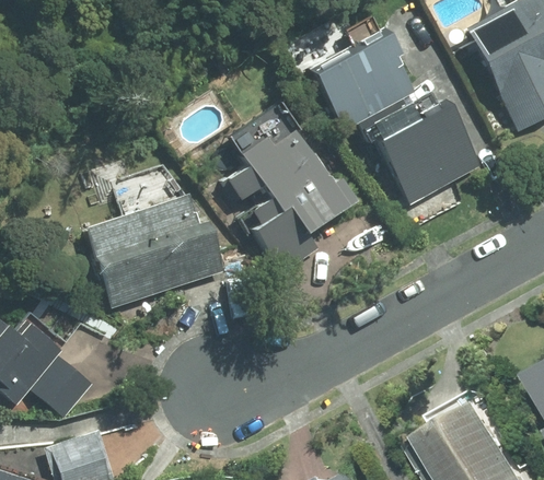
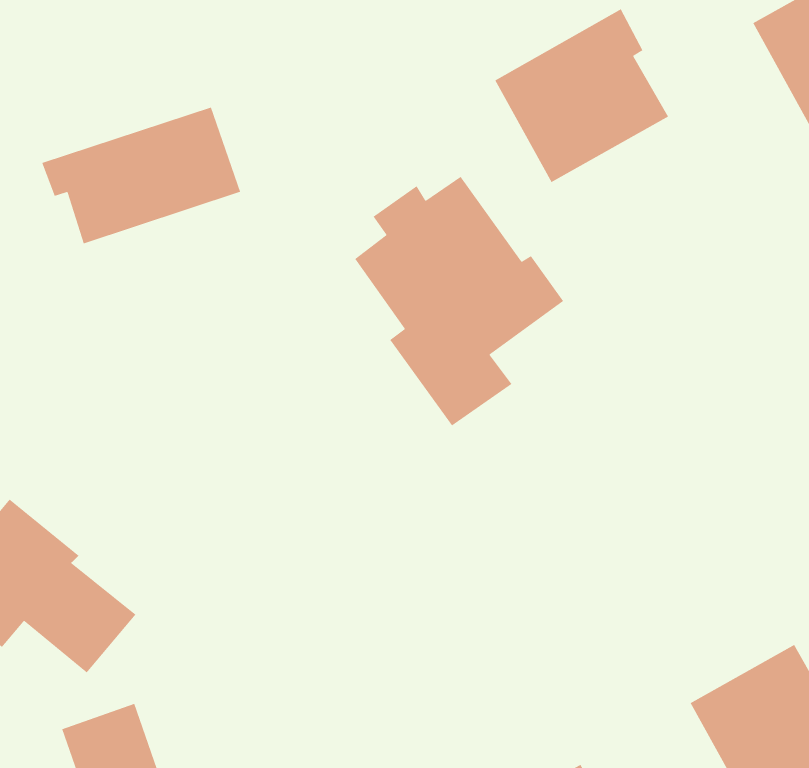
building: none -> [41,106,241,244]
building: [370,94,479,203] -> none
building: [83,189,223,306] -> none

